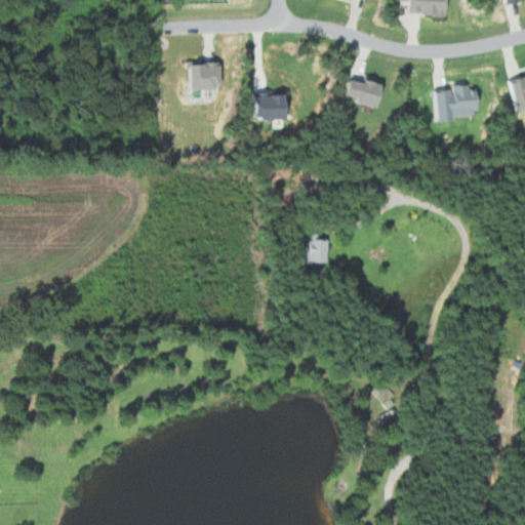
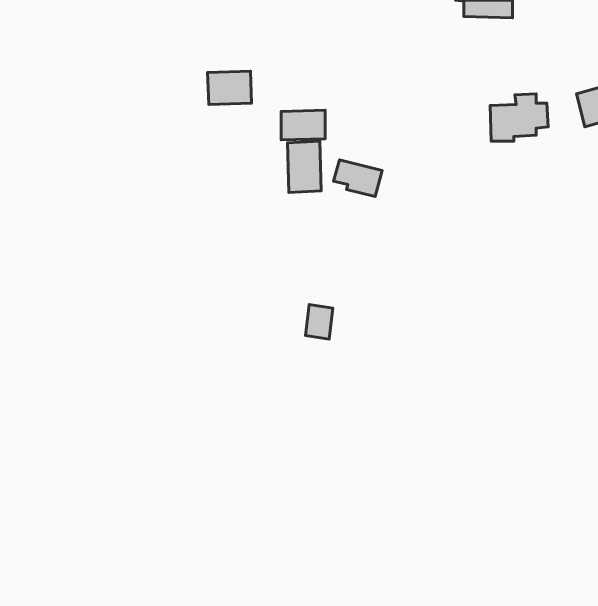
building: [342,78,385,110] -> [334,160,382,197]
building: none -> [287,141,321,192]
building: [307,234,330,264] -> [306,305,333,339]

